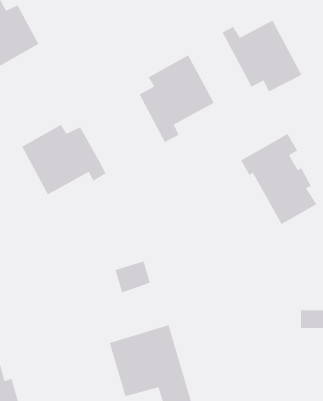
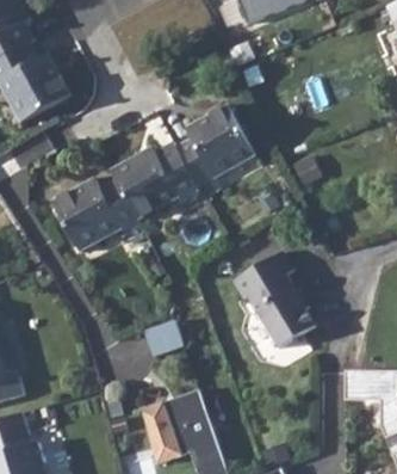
building: [222,20,302,92] -> none
building: none -> [108,142,203,221]
building: [240,133,317,225] -> [229,252,310,349]

